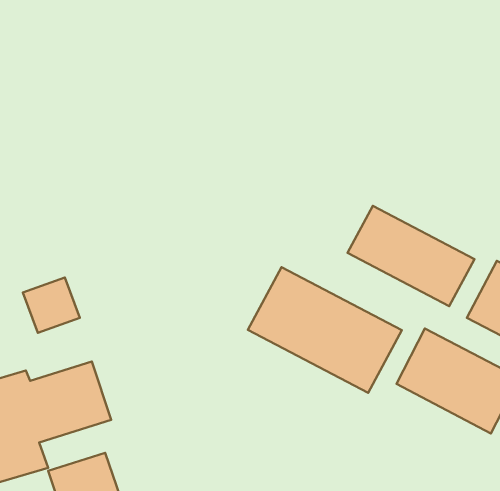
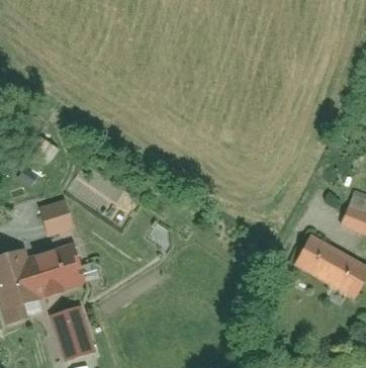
building: [348,206,474,306] -> none
building: [248,267,402,393] -> none

